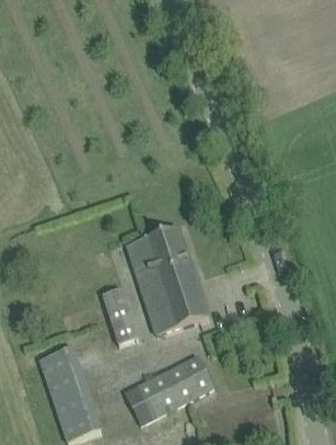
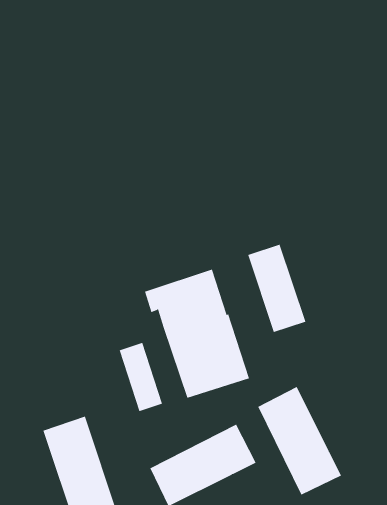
building: none -> [247,244,306,333]
building: none -> [257,386,342,495]

